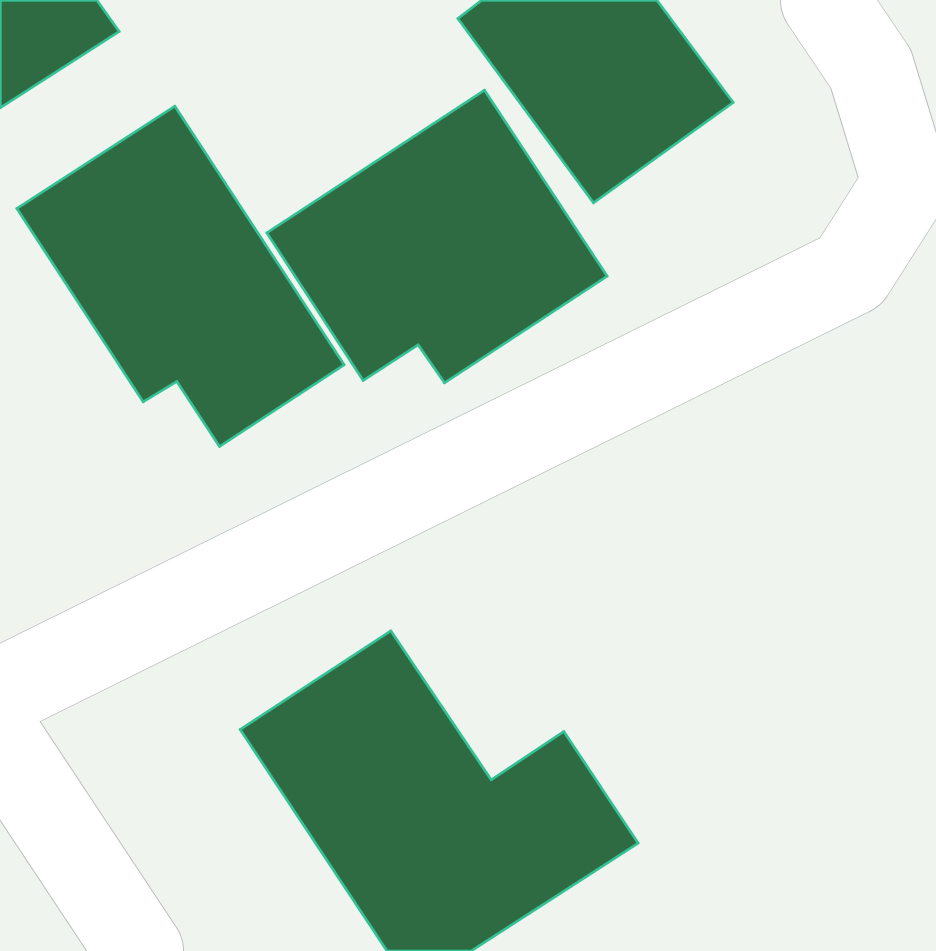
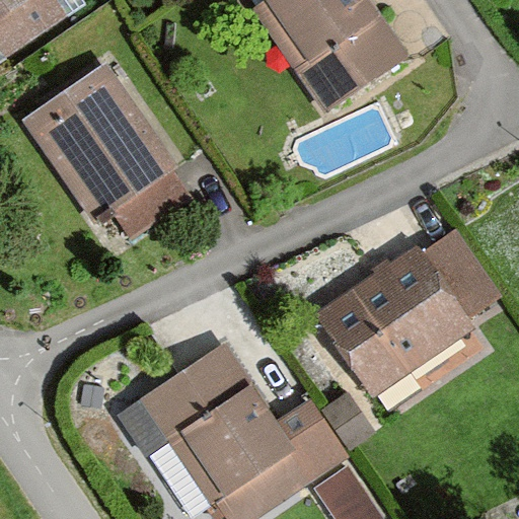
building: [267,90,607,383] -> none
building: none -> [318,226,501,390]

